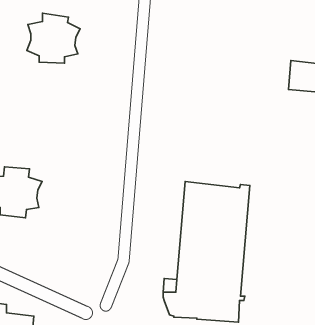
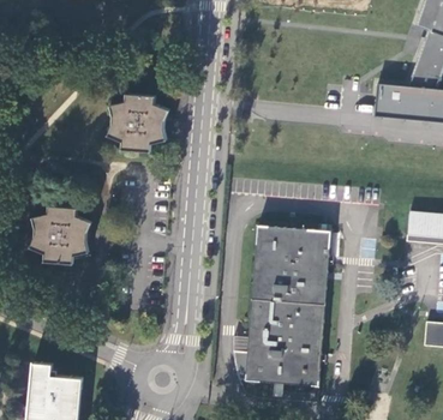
building: [27,13,80,63] -> [107,95,168,152]

